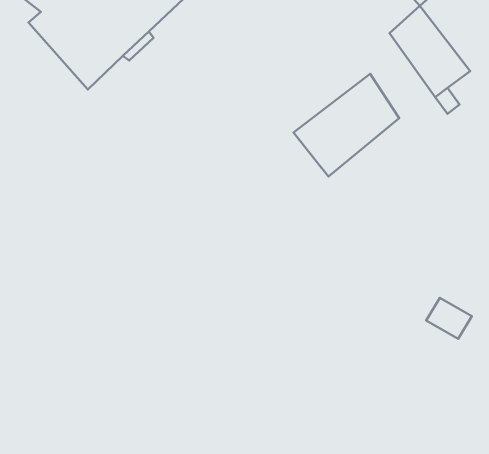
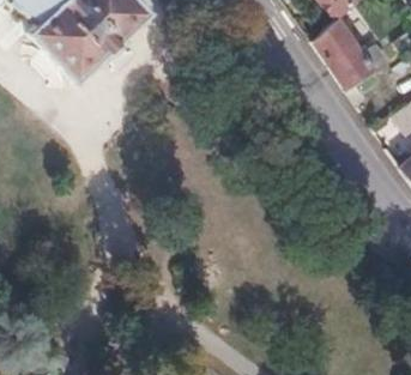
building: [293,74,399,177] -> none

